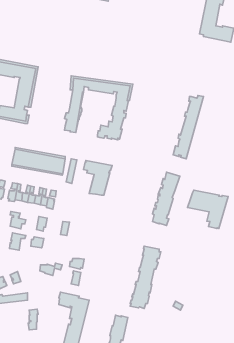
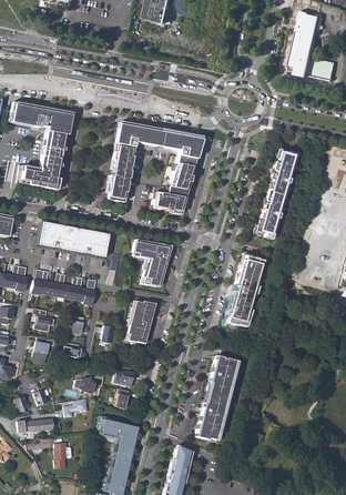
building: [188,190,228,229] -> none
building: none -> [126,300,156,343]

